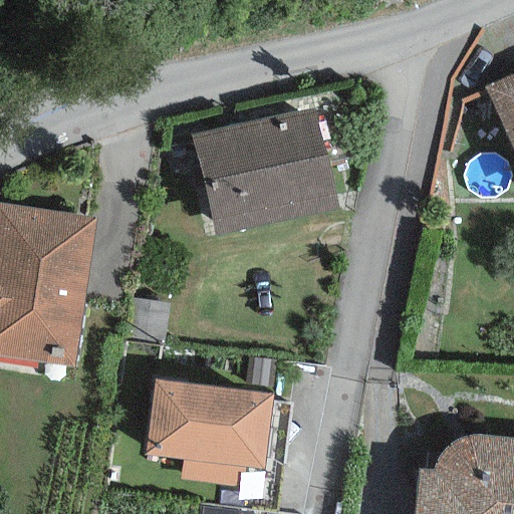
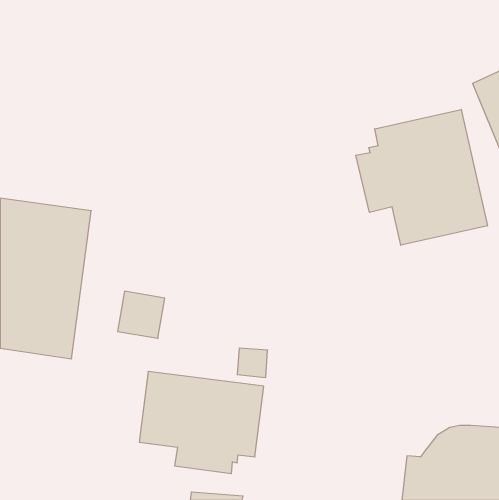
building: [191,107,338,235] -> none
building: none -> [356,109,487,245]

